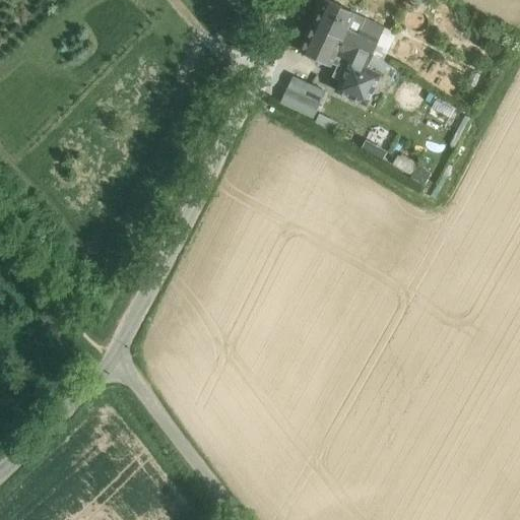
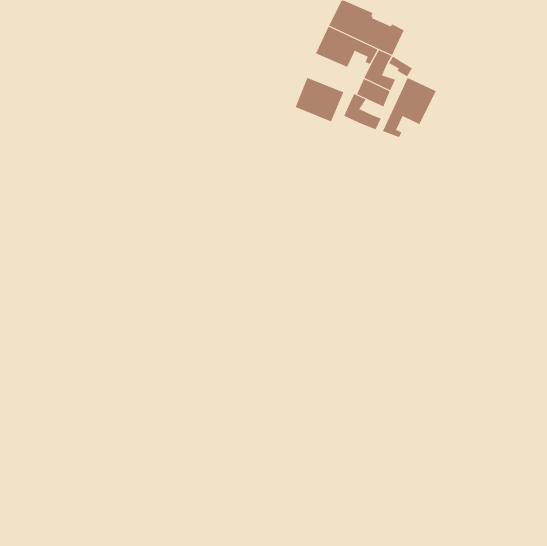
building: none -> [382,77,437,138]
building: none -> [344,93,381,130]

